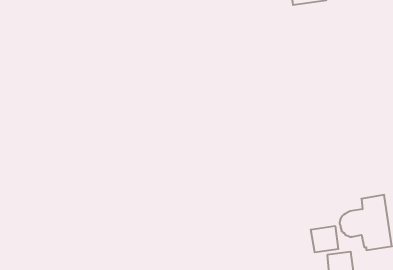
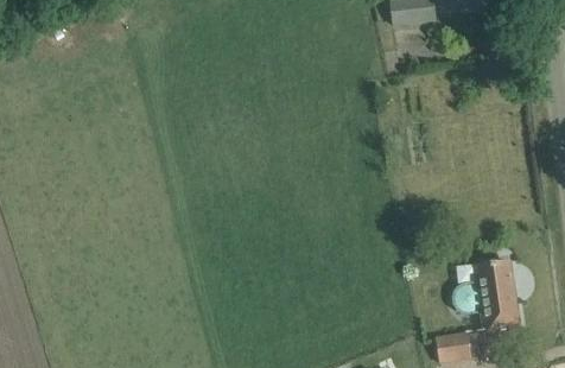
building: [311,226,338,252] -> none

